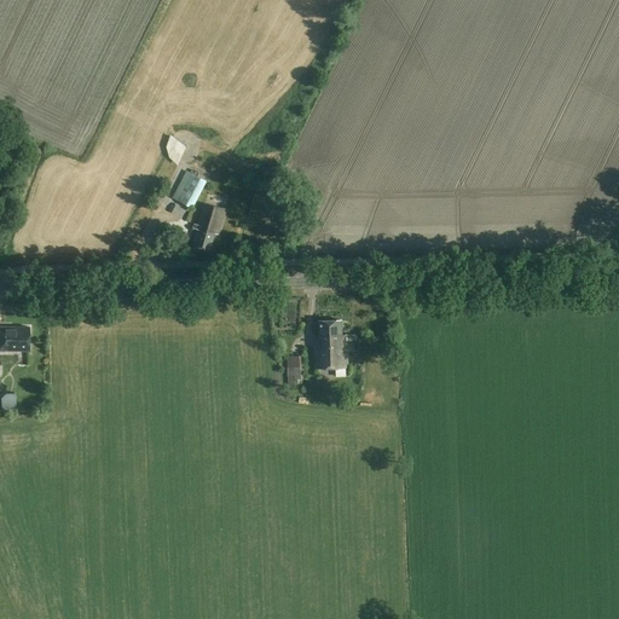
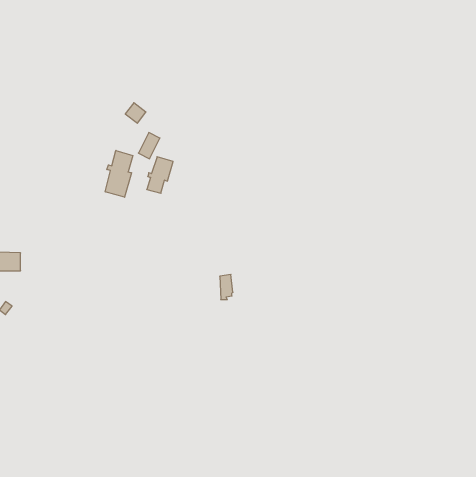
building: none -> [105,150,133,197]
building: [313,320,354,369] -> none

